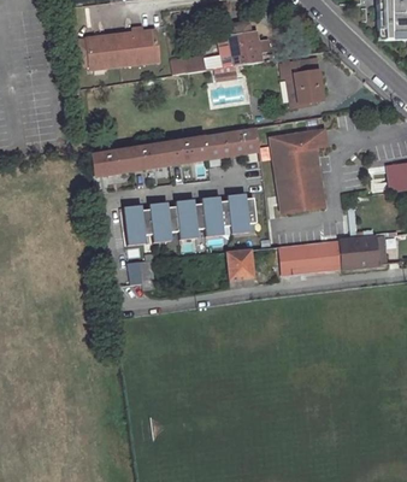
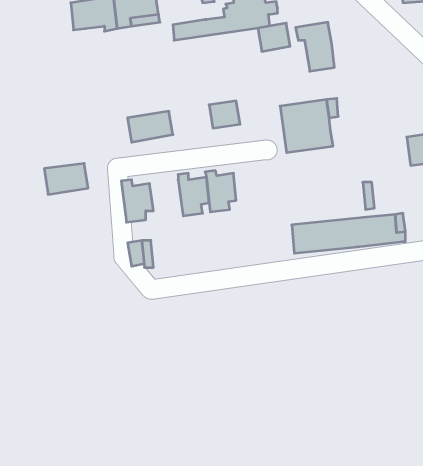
building: [229,128,259,154] -> [258,23,290,51]
building: [166,136,207,164] -> none
building: [90,148,131,177] -> [44,163,88,194]
building: [276,175,323,213] -> none
building: [225,194,255,234] -> none
building: [148,204,178,242] -> none
building: [228,251,256,289] -> none

